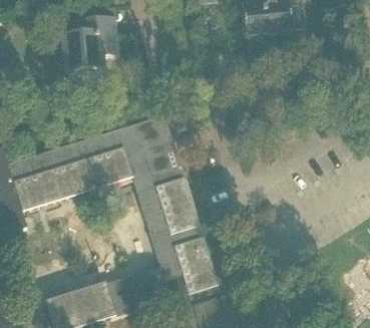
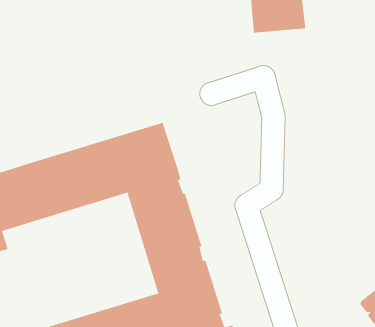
building: [63,16,116,88] -> none

